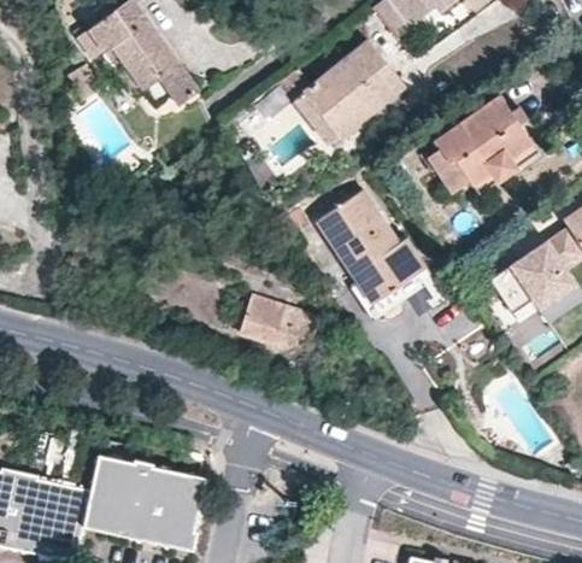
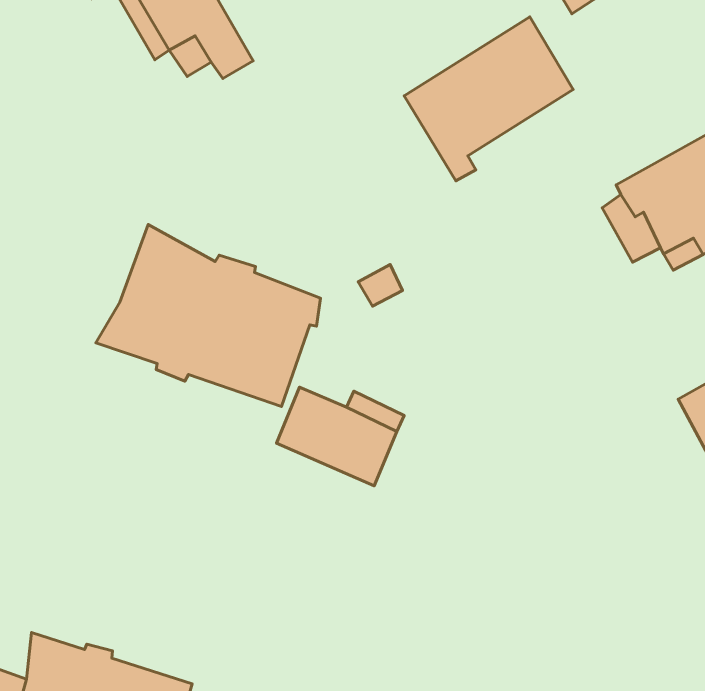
building: [317,187,425,299] -> none
building: none -> [96,225,321,406]

